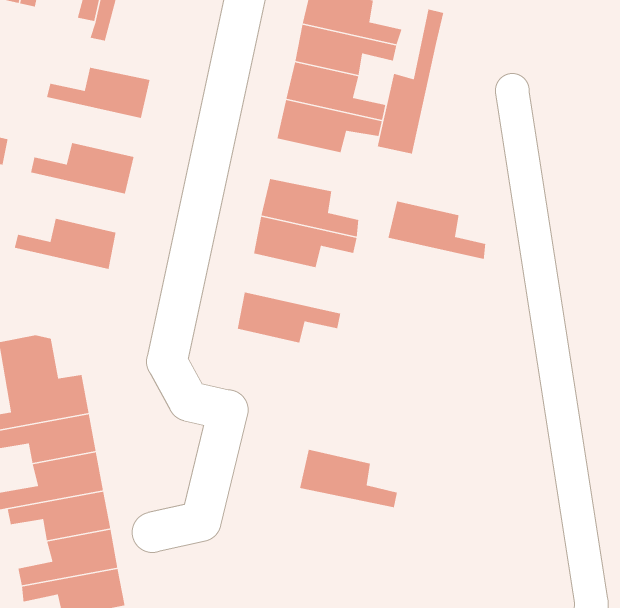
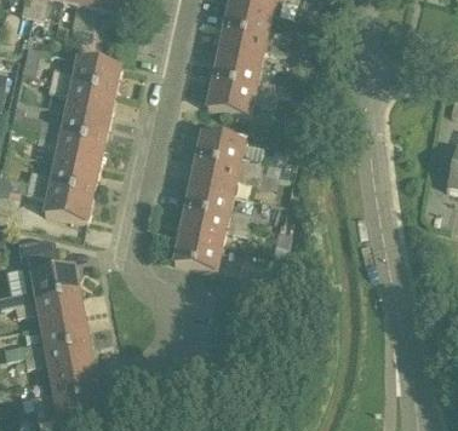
building: [377,9,444,155] -> none
building: none -> [48,76,115,116]
building: none -> [38,127,104,167]
building: [387,200,486,260] -> [184,182,251,222]
building: none -> [27,178,93,219]
building: [299,449,398,508] -> [173,232,240,272]

